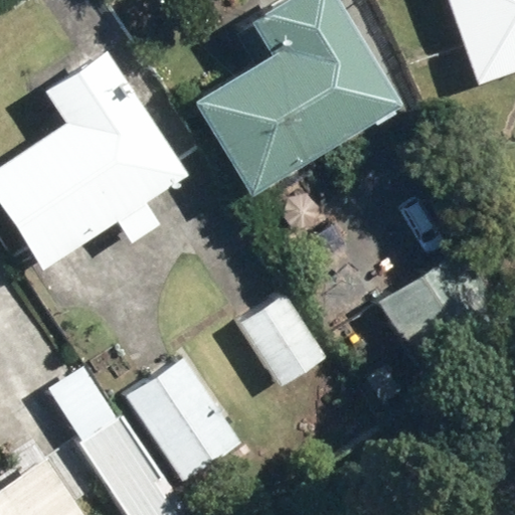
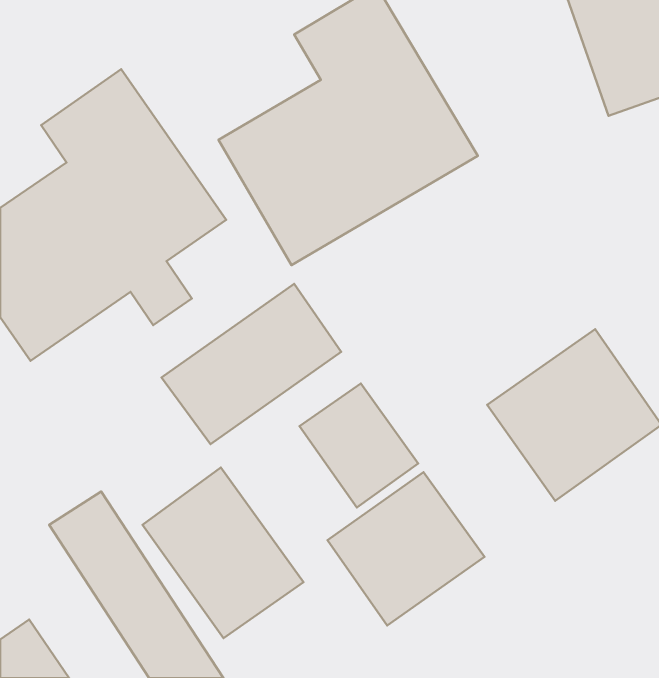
building: none -> [162,284,341,444]
building: none -> [328,472,485,625]

